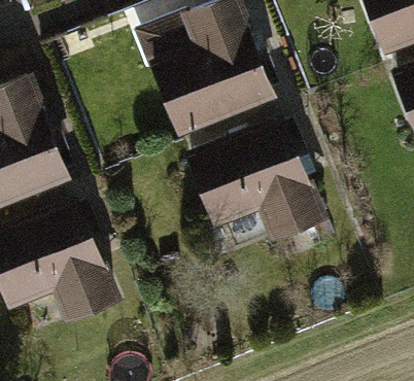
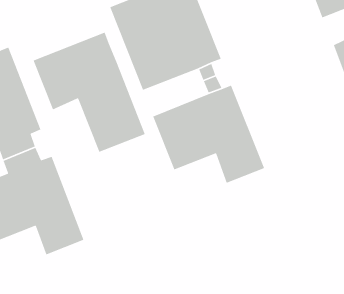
building: none -> [33,31,146,153]

